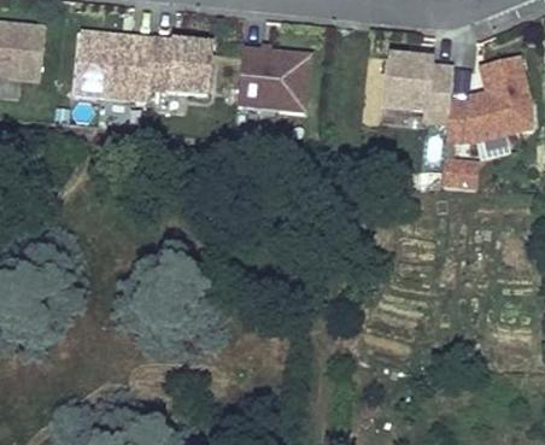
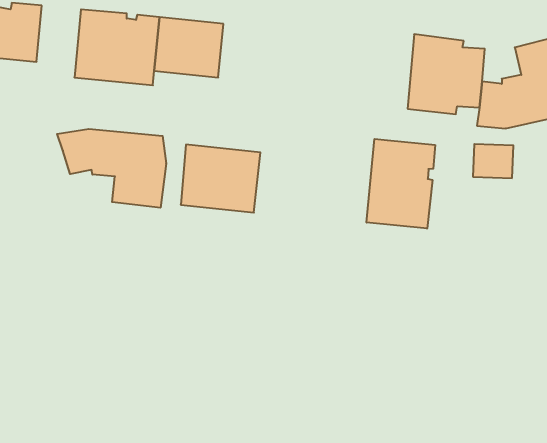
building: [236,46,310,109] -> [181,145,260,213]
building: none -> [57,129,166,208]
building: none -> [367,139,435,229]

